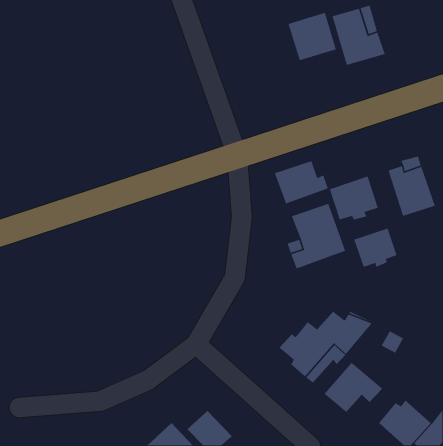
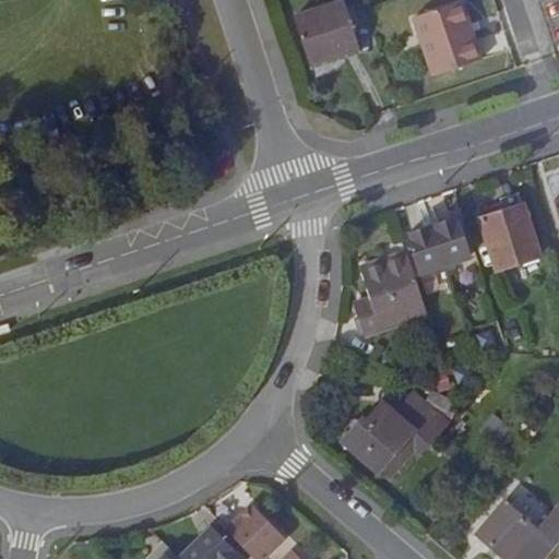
building: [288,12,337,61] -> [284,8,345,69]
building: [274,160,329,205] -> none
building: [353,227,397,268] -> none
building: [324,362,383,413] -> none

